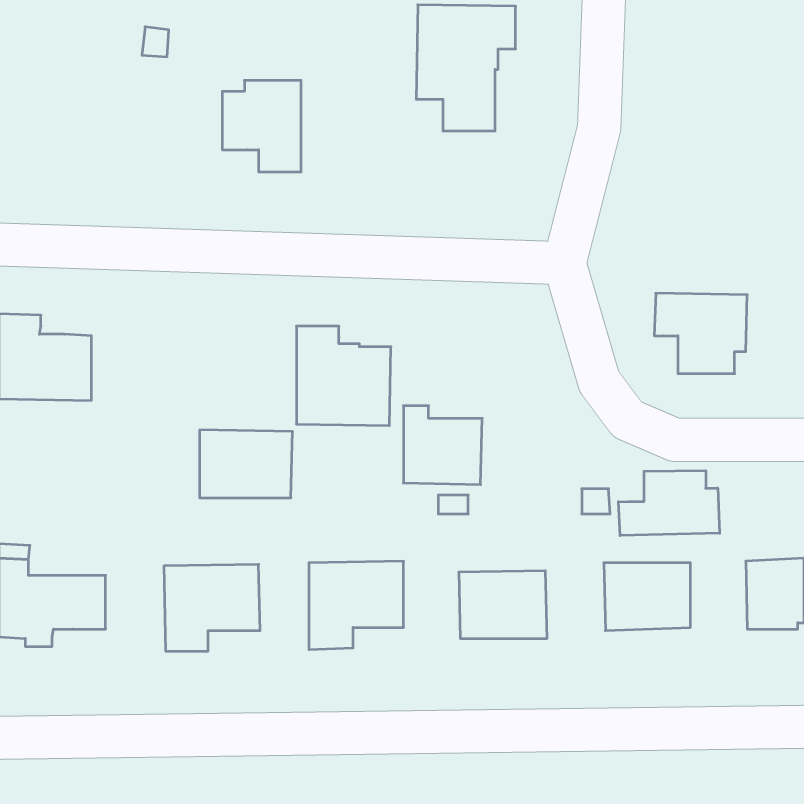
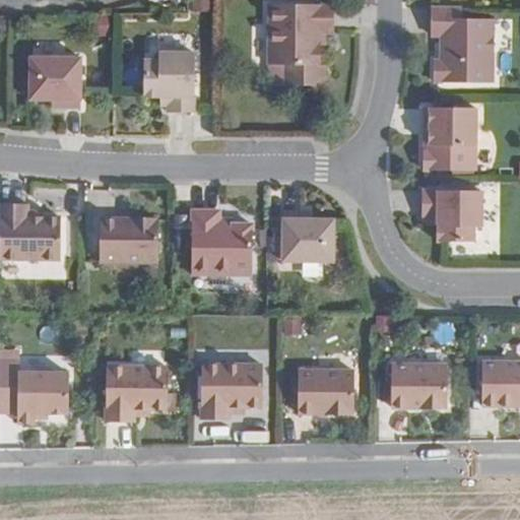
building: none -> [431,7,493,82]
building: none -> [28,57,80,108]
building: none -> [424,107,475,170]
building: [403,406,482,485] -> [282,210,333,261]
building: [200,430,293,498] -> [98,217,157,261]
building: [618,471,720,536] -> none

